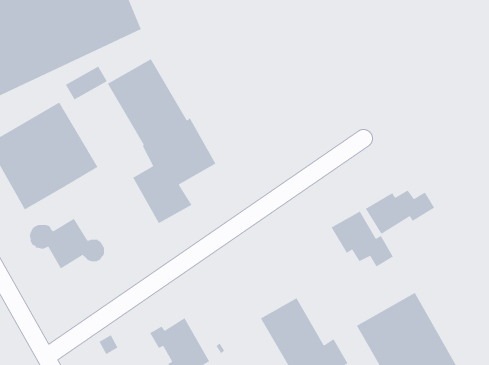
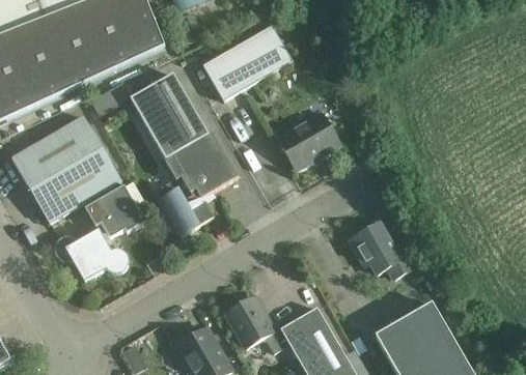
building: none -> [202,25,293,99]
building: none -> [277,111,340,169]
building: none -> [85,181,144,237]
building: [365,190,435,235] -> none
building: none -> [225,294,283,351]

